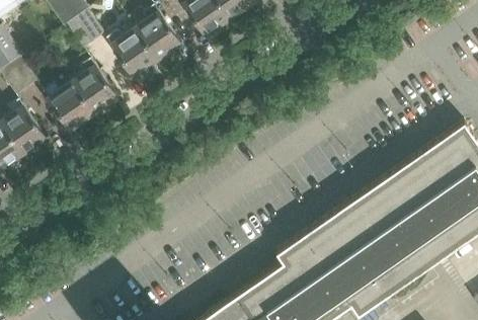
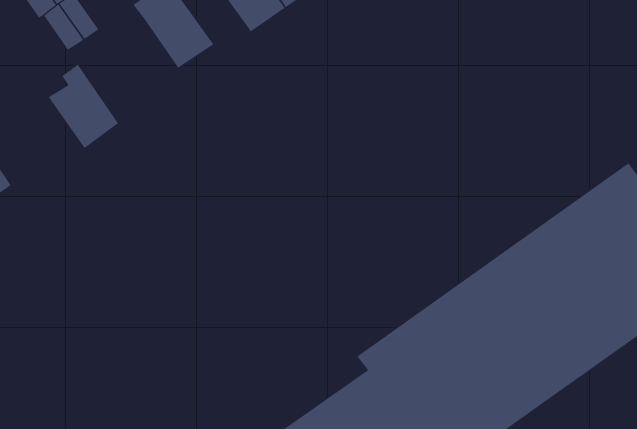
building: [107,28,158,78] -> none
building: [44,81,95,132] -> none

